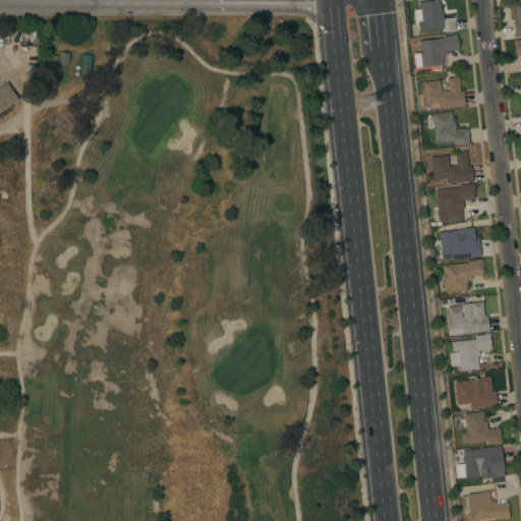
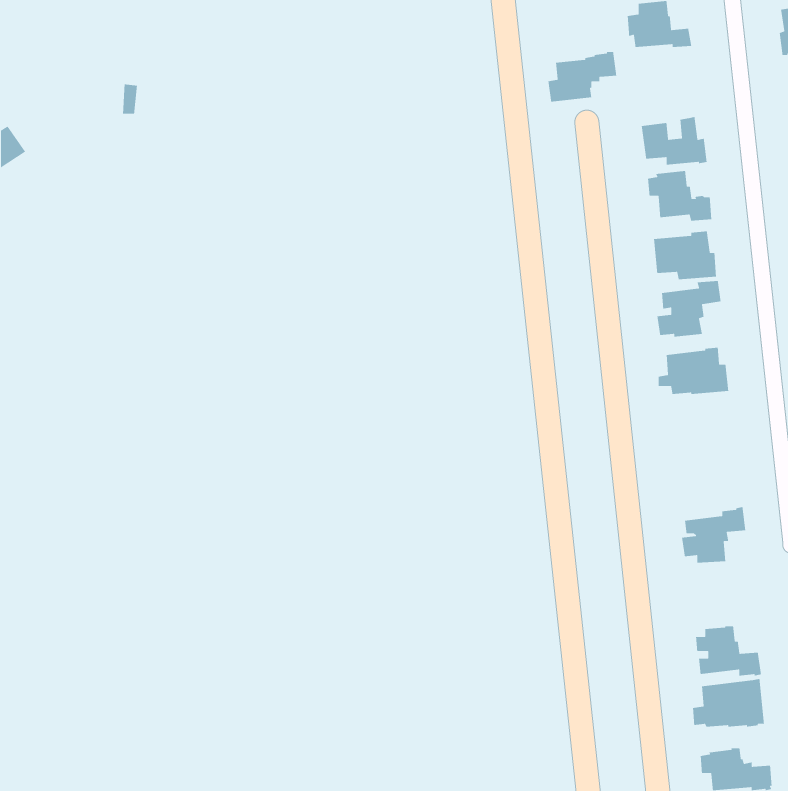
building: [414,35,460,68] -> [547,51,617,102]
building: [443,259,484,292] -> none
building: [448,301,489,335] -> none
building: [456,377,498,409] -> none

